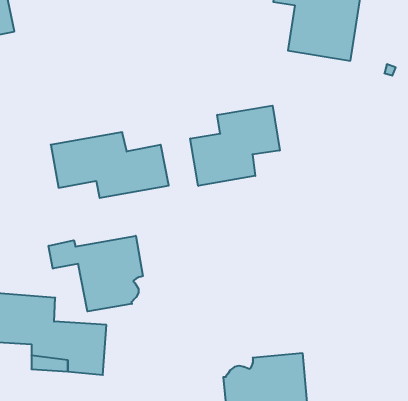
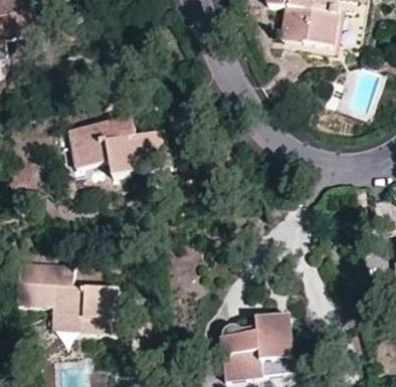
building: [190,106,280,186] -> none
building: [49,236,143,311] -> none

